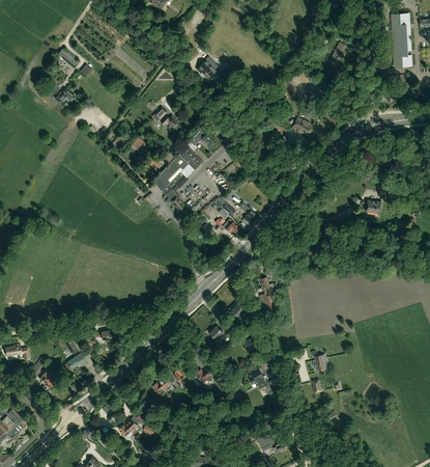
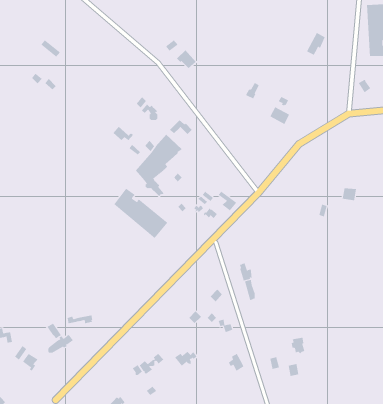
building: none -> [114,188,168,239]

